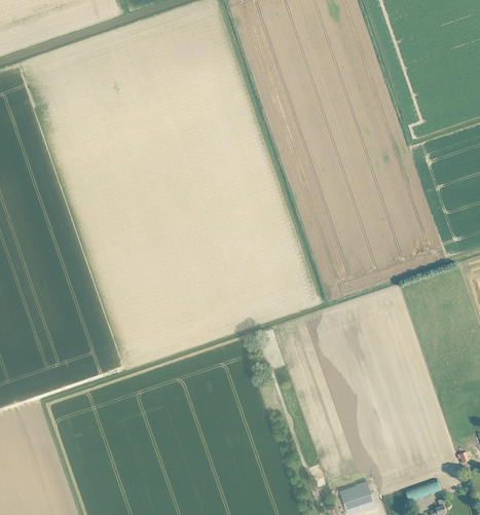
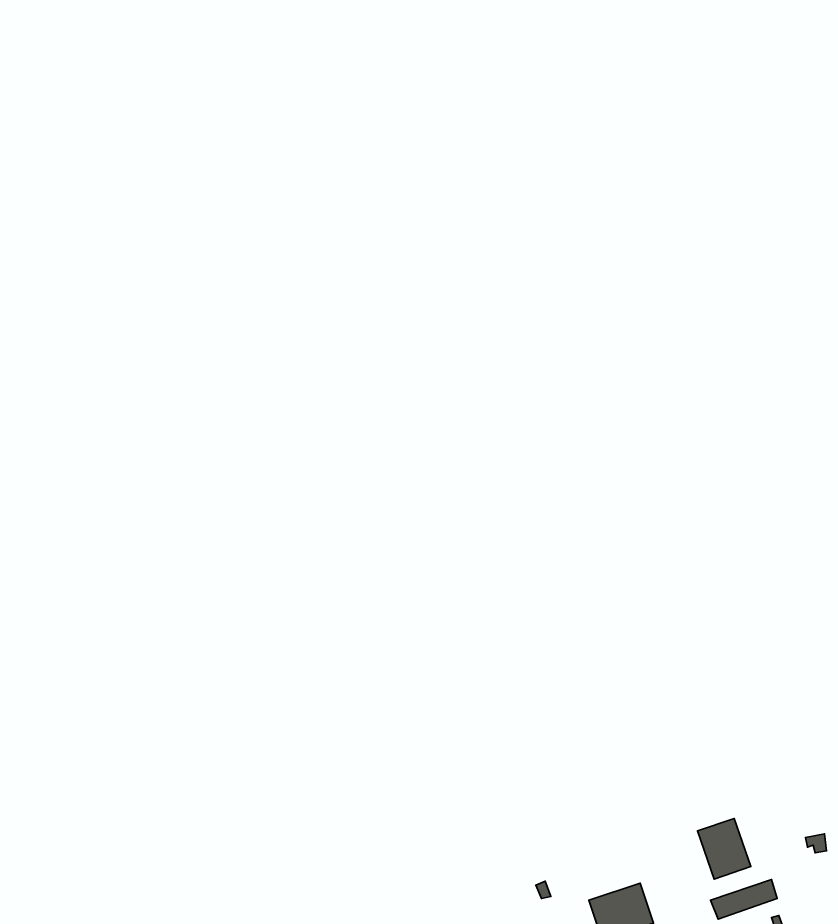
building: none -> [697,818,751,879]

